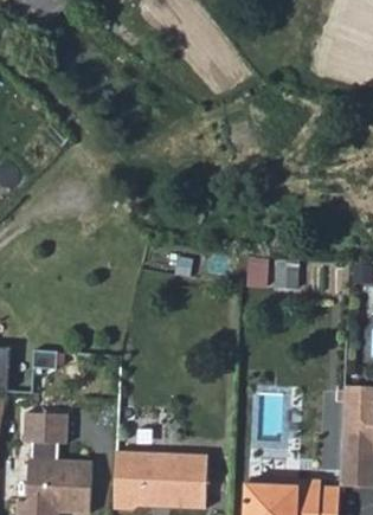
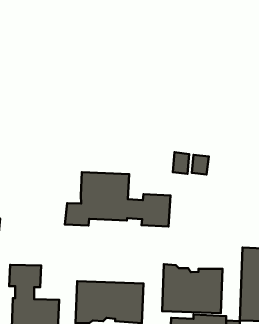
building: none -> [65,172,170,226]
building: none -> [162,264,222,313]

